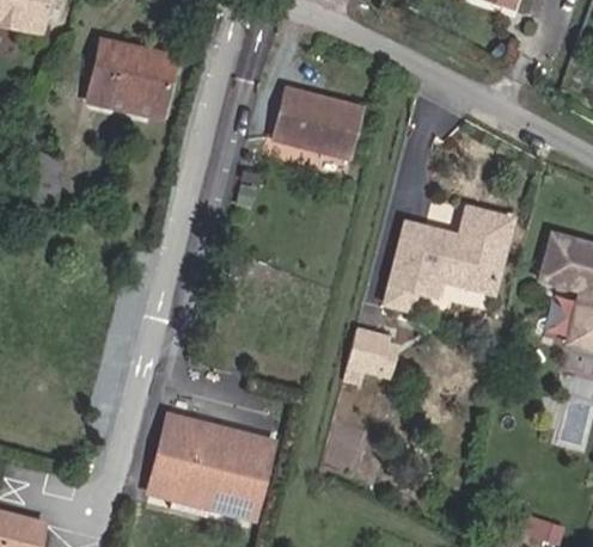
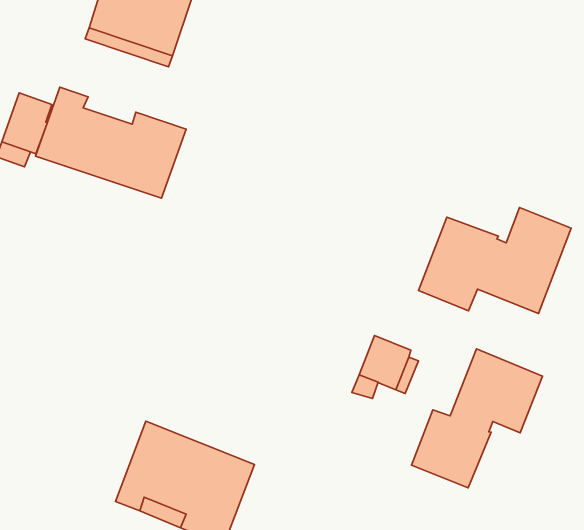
building: [271,86,361,158] -> none
building: none -> [35,87,186,198]
building: none -> [411,349,542,488]

